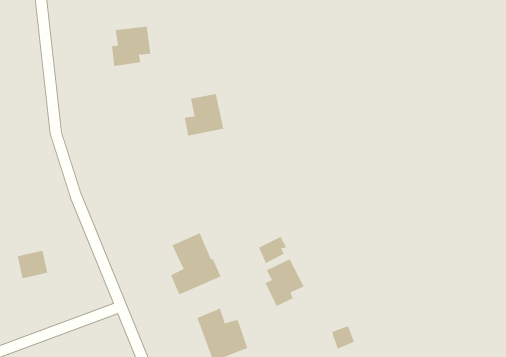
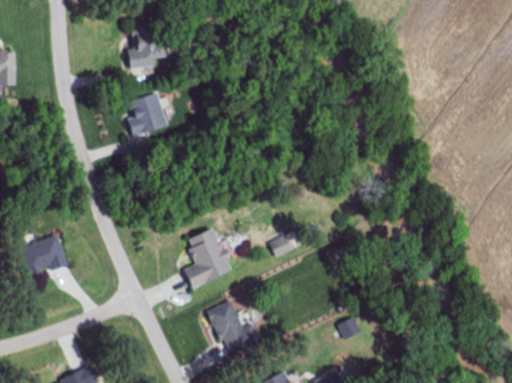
building: [184,94,224,136] -> [126,95,165,136]
building: [265,258,304,307] -> none

